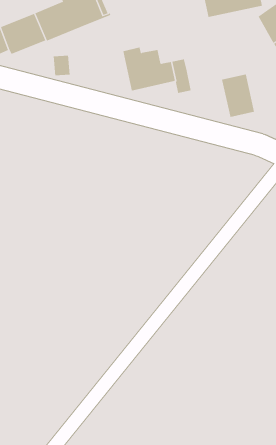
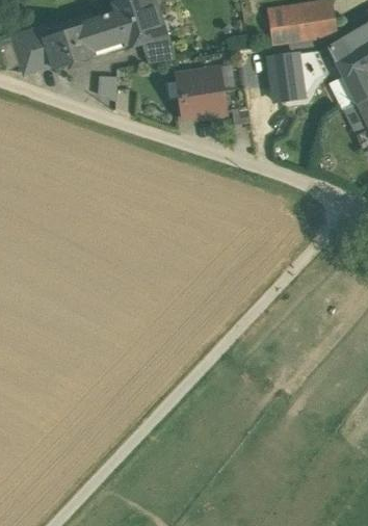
building: none -> [141,32,176,62]
building: [221,74,255,118] -> [269,53,304,100]

